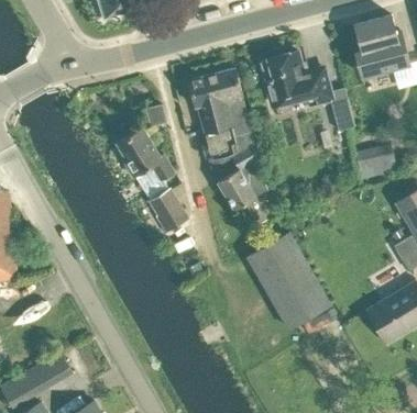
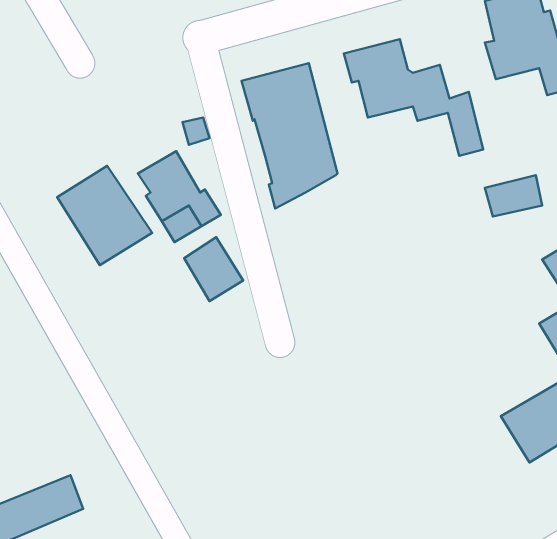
building: none -> [57,166,152,265]
building: [217,144,266,209] -> none
building: [245,232,329,328] -> none

